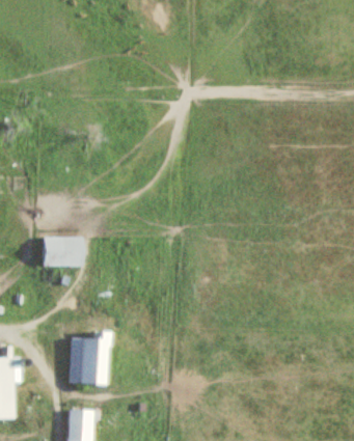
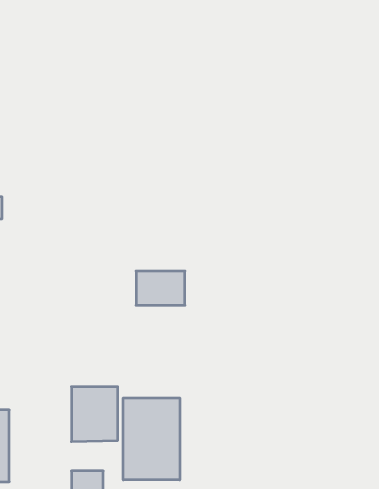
building: [42,238,83,267] -> [136,271,185,305]
building: none -> [123,398,180,480]

